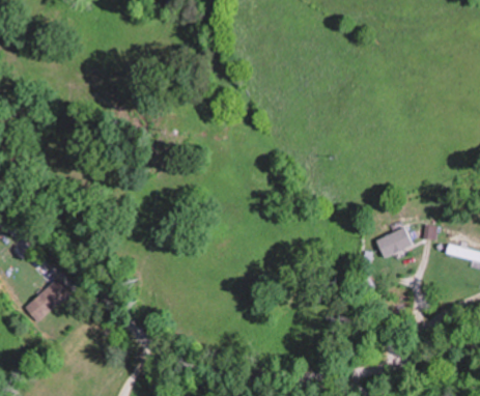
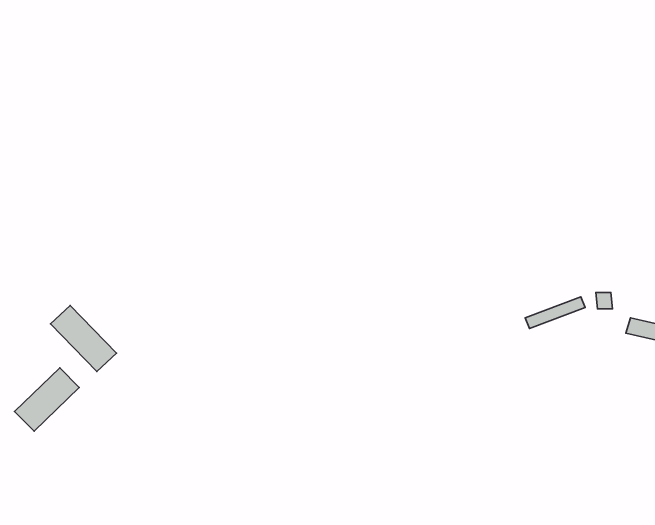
building: none -> [50,305,116,372]

